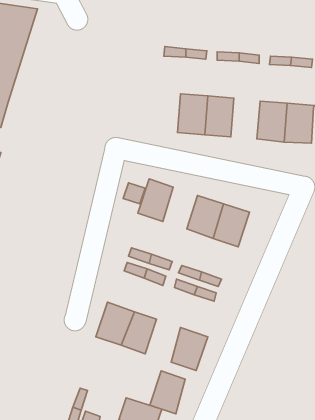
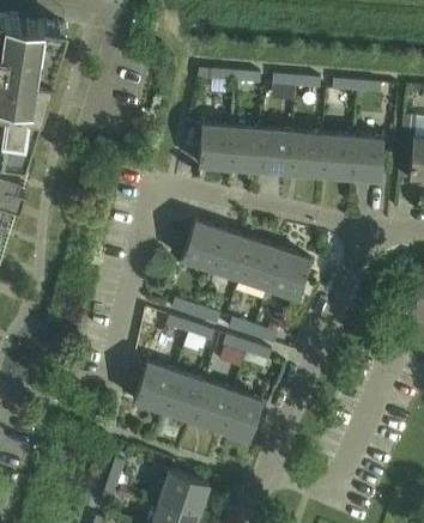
building: none -> [196,122,230,169]
building: none -> [287,129,321,176]
building: none -> [210,231,249,279]
building: [150,371,185,414] -> [189,382,230,431]

